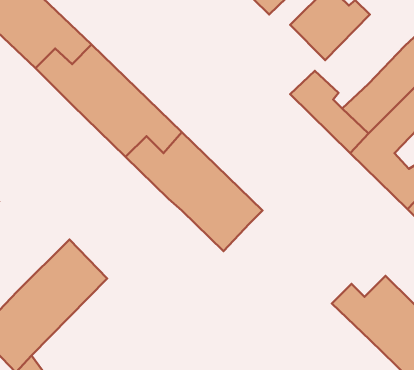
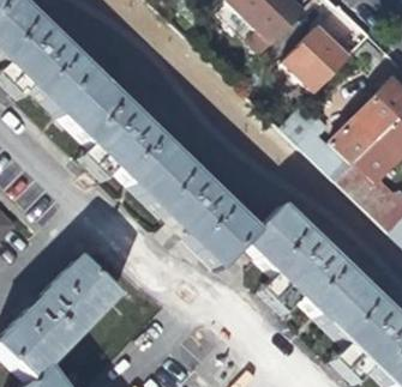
building: none -> [250,202,374,313]

